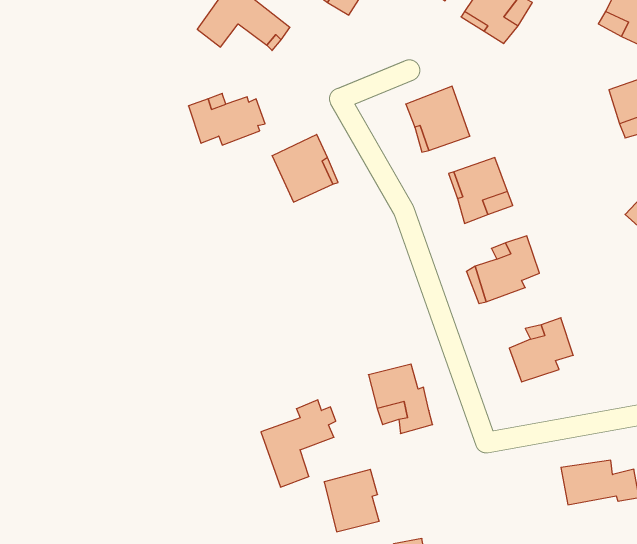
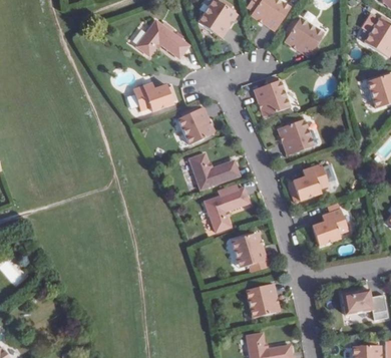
building: none -> [189,151,240,189]
building: [261,400,336,487] -> [205,183,247,232]
building: [324,469,379,532] -> [247,283,278,318]

